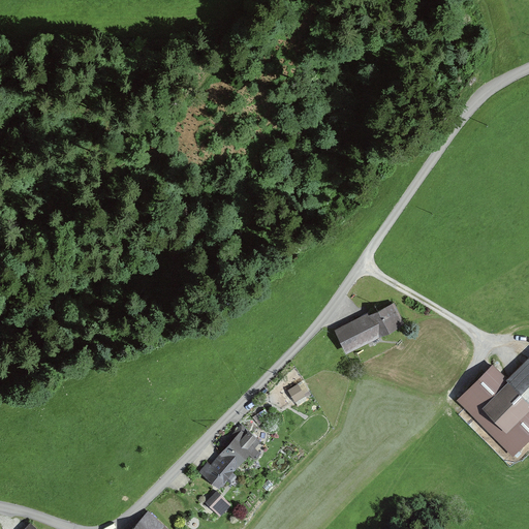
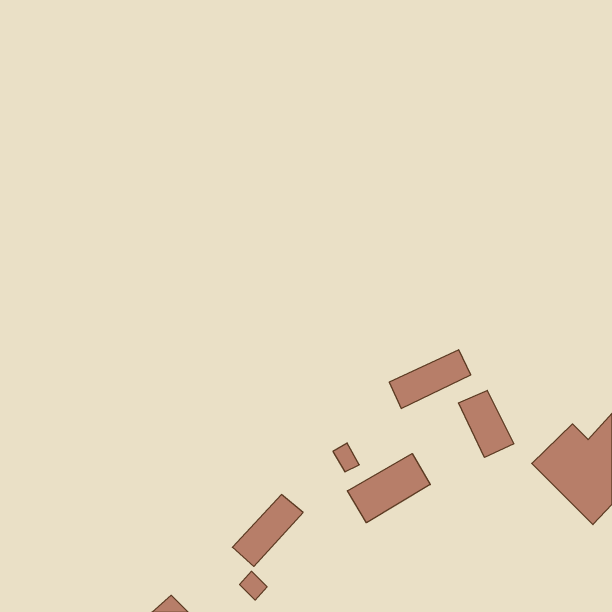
building: none -> [459,390,514,457]
building: none -> [347,454,430,523]

